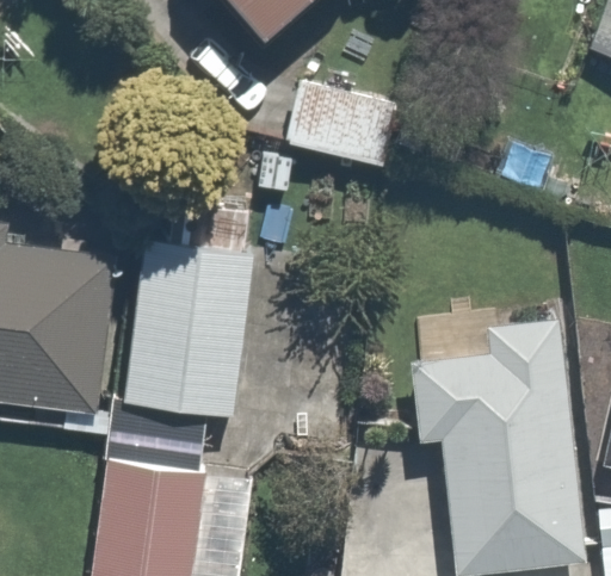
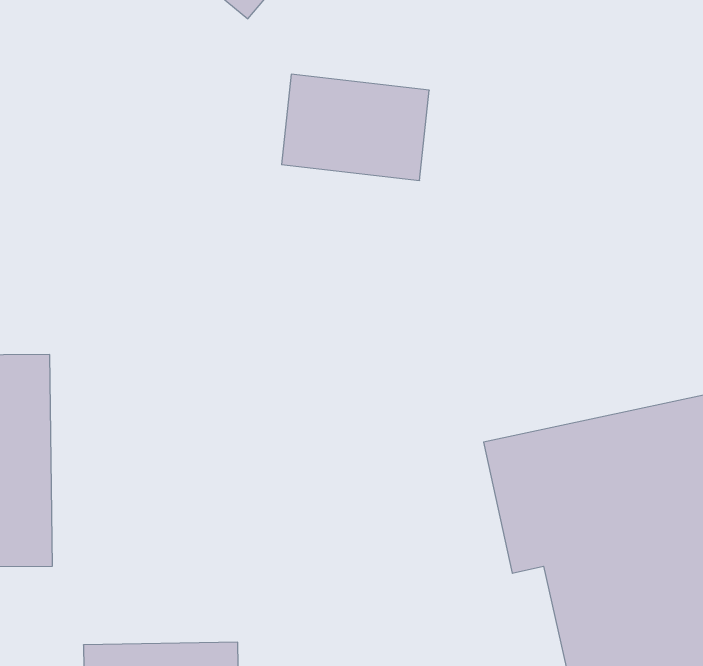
building: [128,242,257,413] -> none

